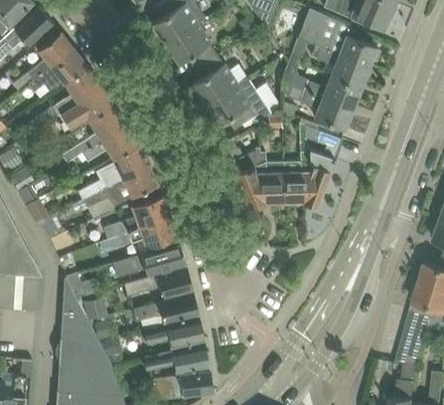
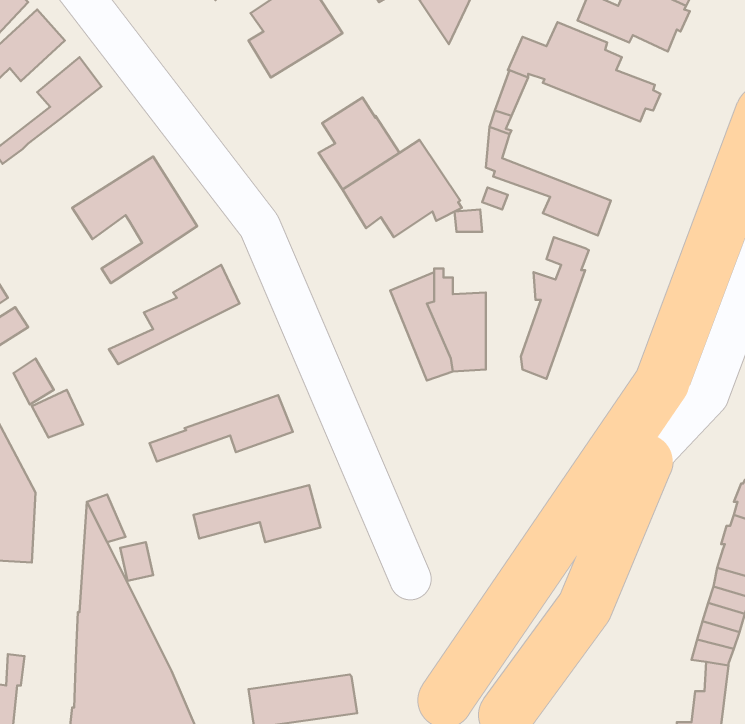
building: [166,24,216,68] -> none
building: [293,46,368,111] -> none
building: [30,48,102,128] -> none
building: [284,124,314,203] -> none
building: [82,125,139,162] -> none
building: [83,167,158,220] -> none
building: [99,196,170,243] -> none
building: [113,242,185,276] -> none
building: [134,293,198,322] -> none
building: [143,318,204,347] -> none
building: [144,345,209,372] -> none

